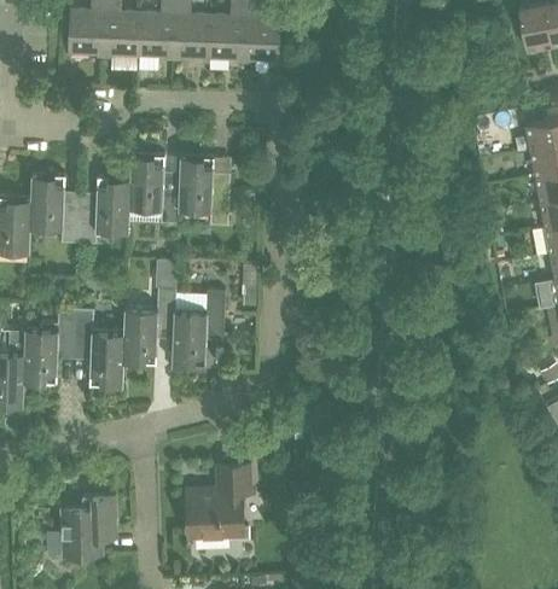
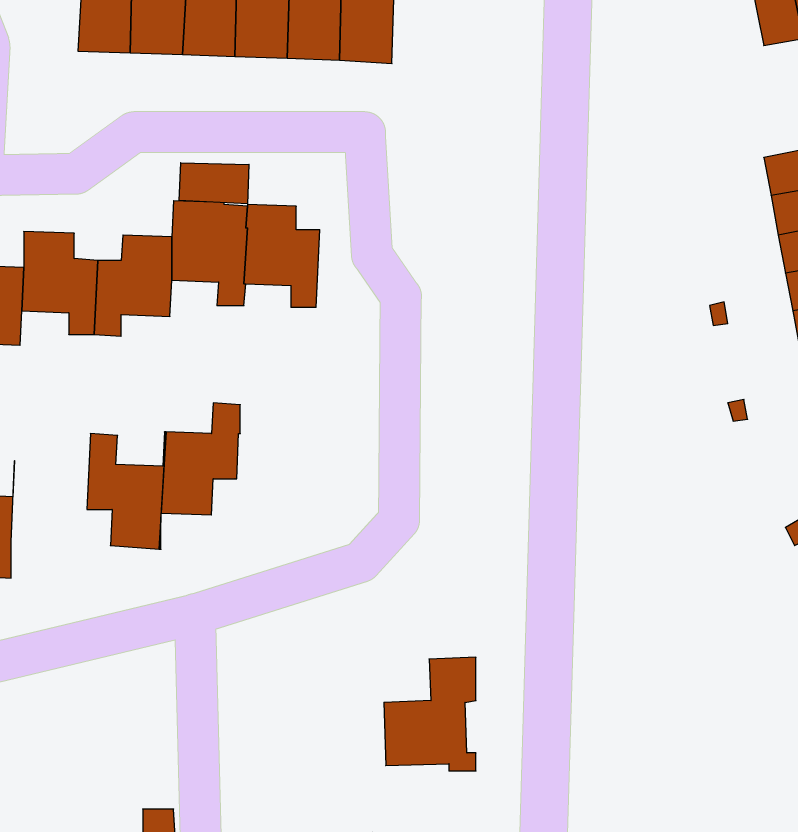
building: none -> [179,163,249,204]
building: [172,290,225,366] -> none
building: [22,308,75,383] -> none
building: [186,463,248,540] -> [384,657,476,771]
building: [60,496,114,556] -> none

